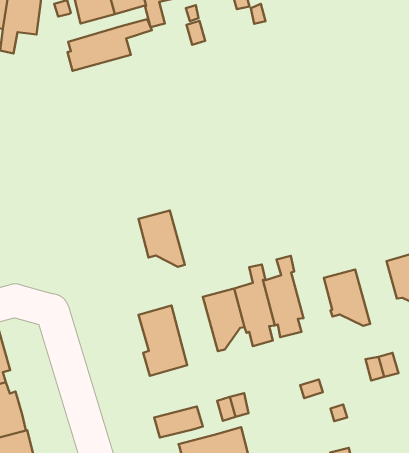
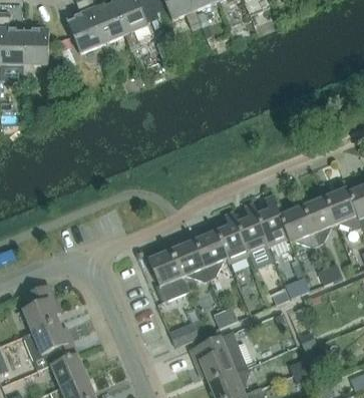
building: [67,19,152,71] -> none
building: [138,211,185,267] -> [171,241,210,281]
building: none -> [256,194,289,255]
building: none -> [302,197,335,245]

